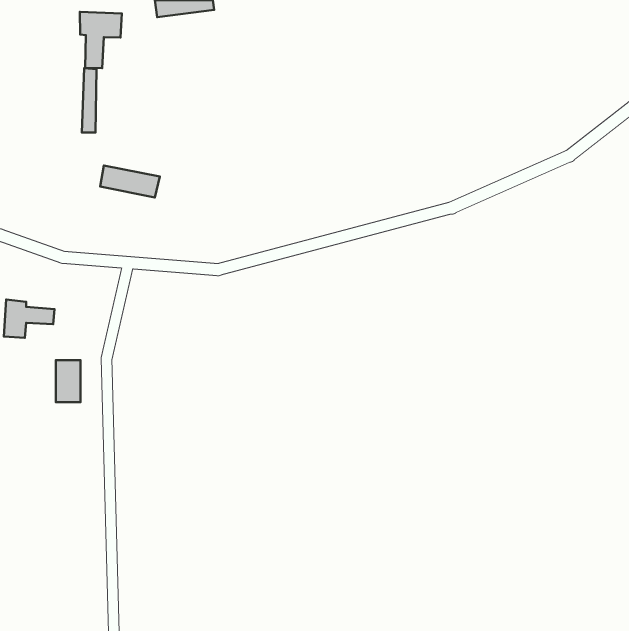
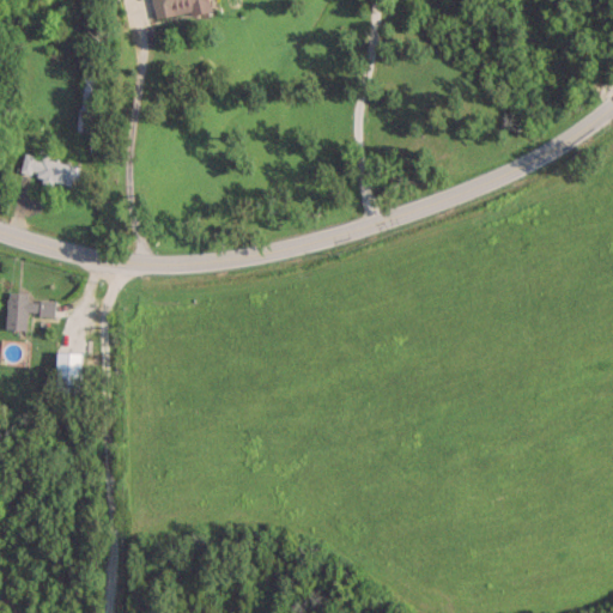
building: [80,12,122,68] -> none
building: [100,165,160,198] -> [22,154,79,186]

